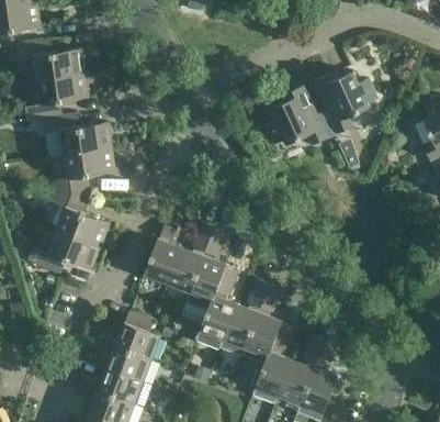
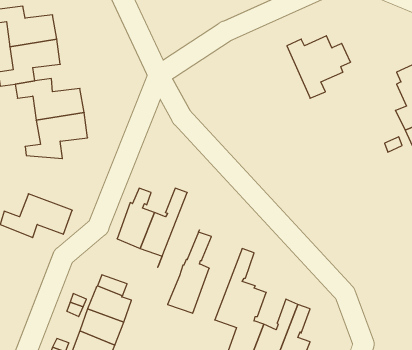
building: [266,86,327,145] -> none
building: [49,191,108,246] -> none
building: [184,229,226,312] -> none
building: [219,280,269,364] -> none

